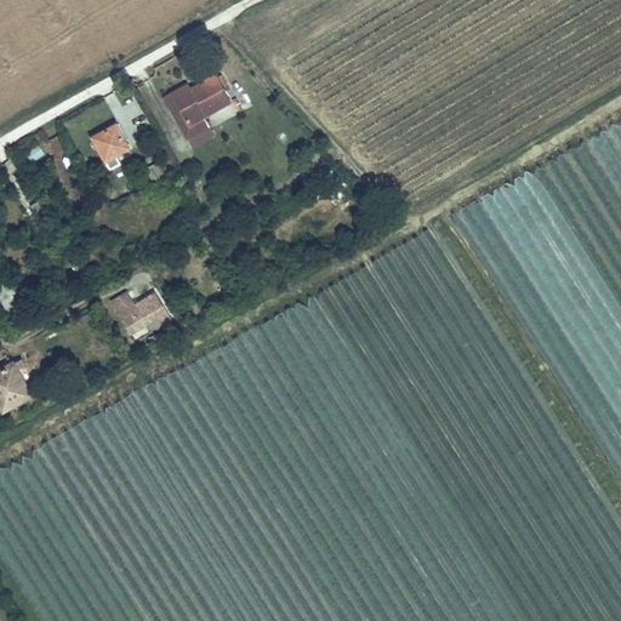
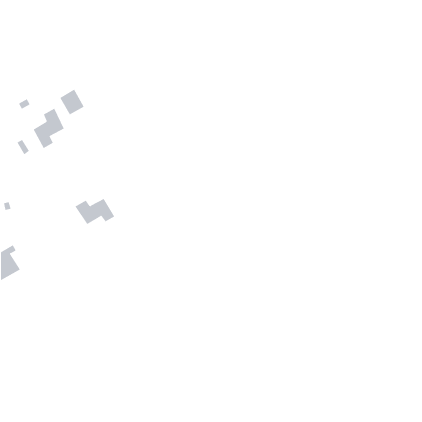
building: [167,76,227,142] -> none
building: none -> [33,108,64,149]

